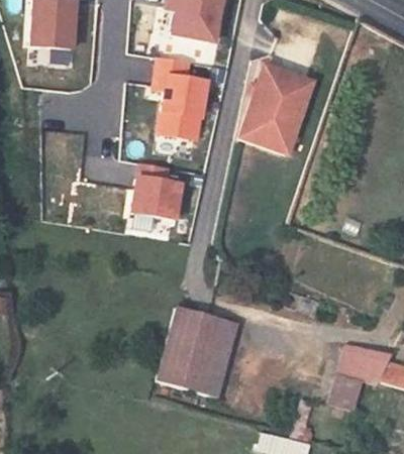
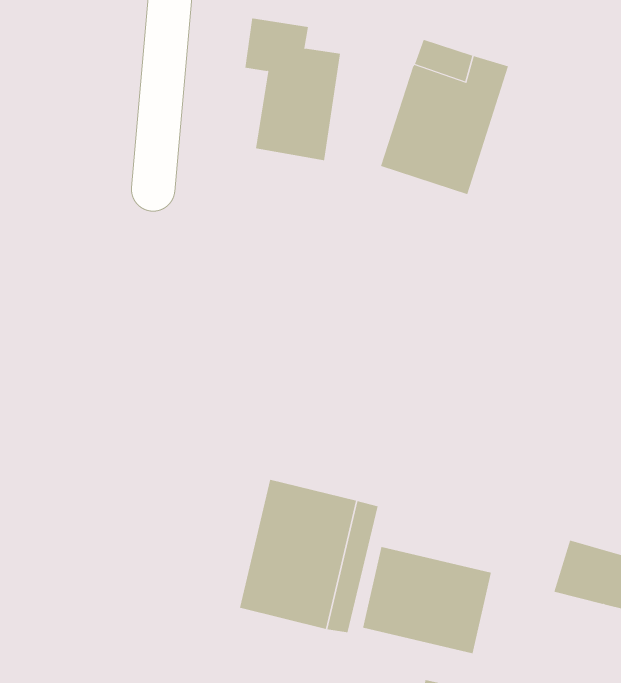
building: [127,162,176,219] -> none
building: none -> [362,546,491,654]
building: [325,376,364,414] -> none

